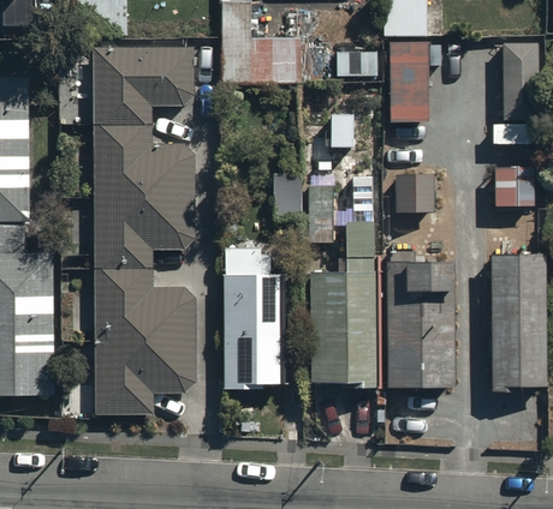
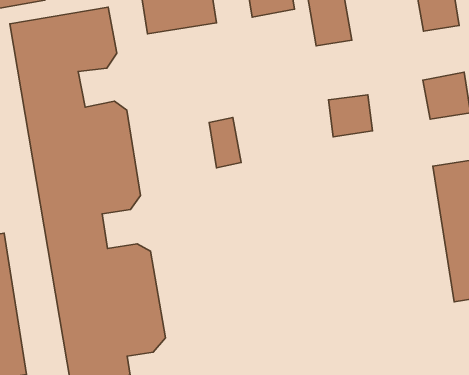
building: [311,168,376,388] -> none
building: [220,248,281,389] -> none
building: [386,250,454,385] -> none

